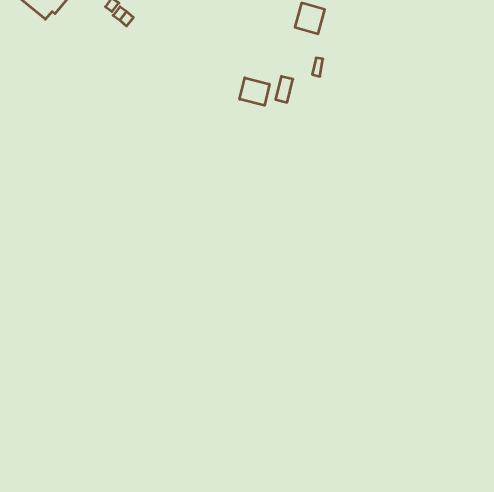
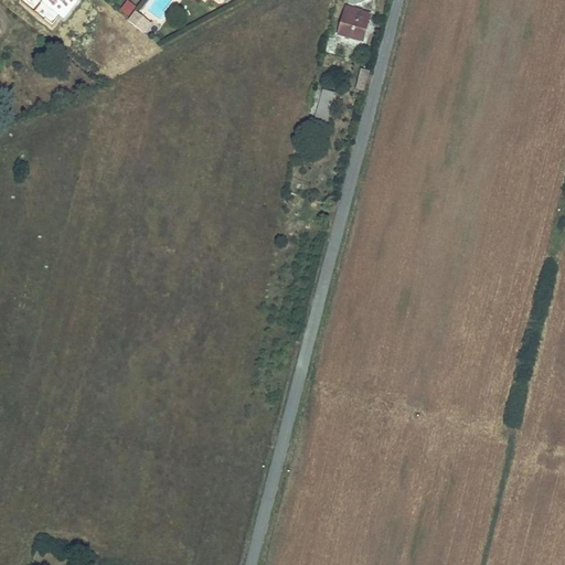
building: [240,78,269,105] -> none

